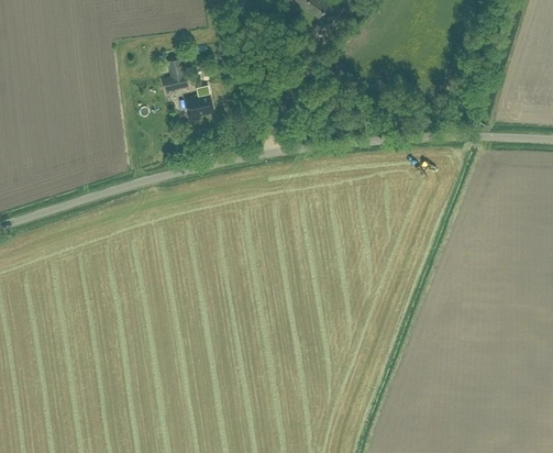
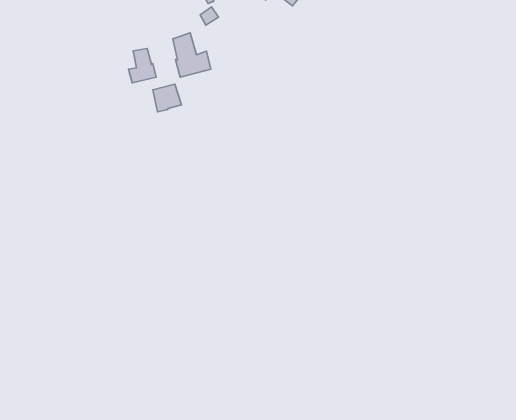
building: none -> [173,33,211,77]

